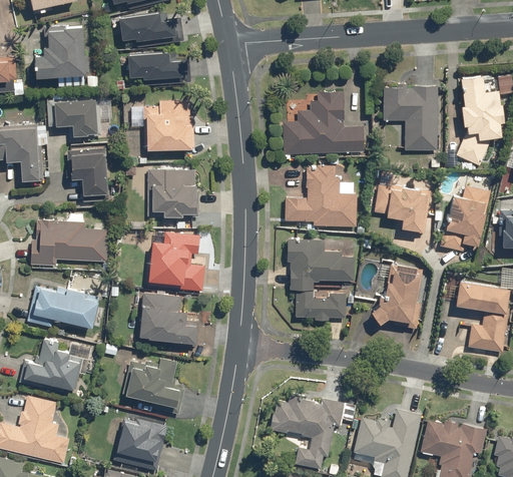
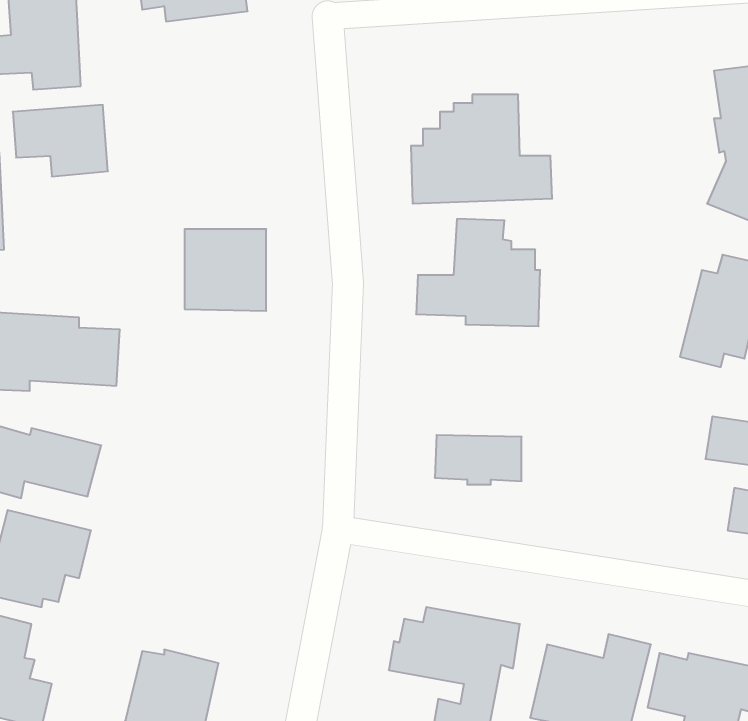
building: [128,52,191,87] -> none
building: [383,84,439,151] -> none
building: [144,101,192,151] -> none
building: [67,149,110,203] -> none
building: [374,183,431,233] -> none
building: [147,231,206,292] -> none
building: [288,238,356,290] -> none
building: [370,264,424,329] -> none
building: [138,293,200,344] -> none
building: [123,357,186,415] -> none

